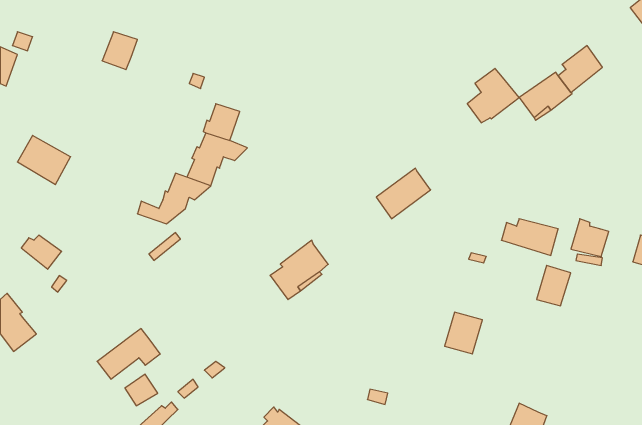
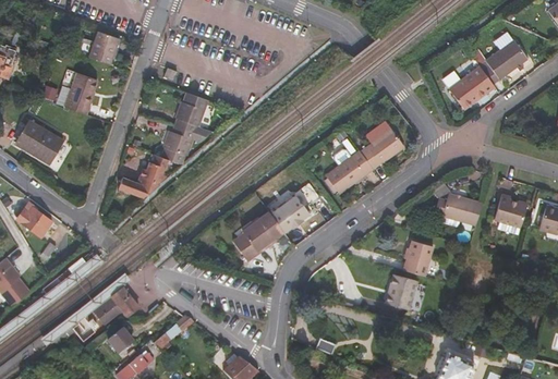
building: [467,68,519,123] -> [360,120,404,167]
building: none -> [63,72,96,113]
building: none -> [270,194,310,231]
building: [537,265,571,306] -> [402,239,432,273]

